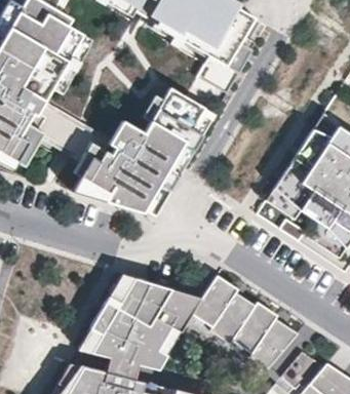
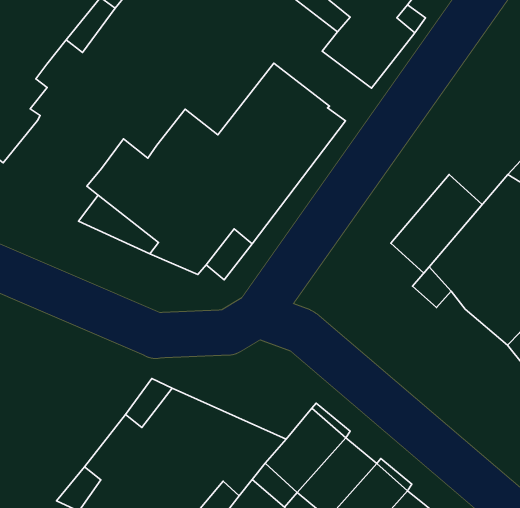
building: [35,102,110,157] -> none
building: none -> [391,175,482,273]

